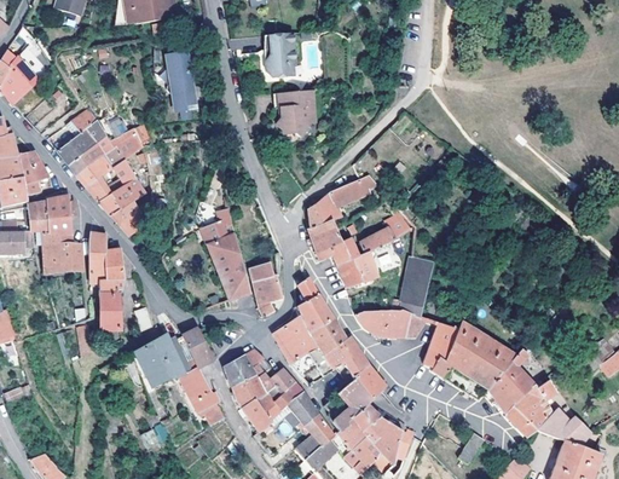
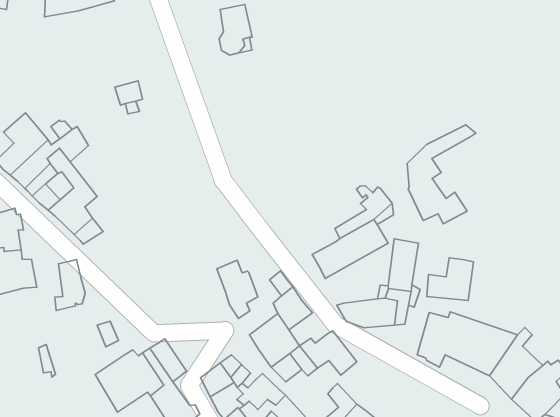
building: [164,52,192,94] -> none
building: [282,88,323,135] -> none
building: [307,175,374,264] -> [407,125,476,224]
building: [198,208,249,300] -> none
building: [88,232,105,282] -> none
building: none -> [427,258,473,301]
building: [98,288,121,329] -> none
building: [308,317,343,346] -> none
building: [348,365,383,404] -> none

